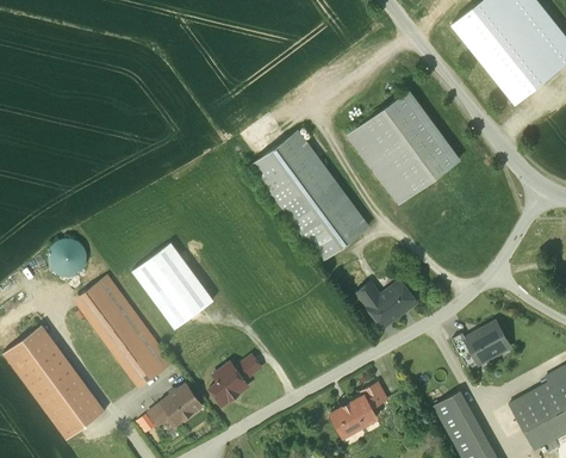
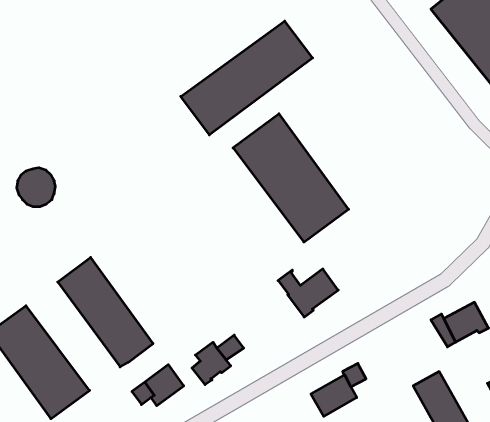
building: none -> [181,21,313,135]
building: [348,91,460,205] -> none
building: [48,239,87,278] -> [17,168,55,207]
building: [132,243,214,329] -> none
building: [356,281,417,330] -> [278,269,338,317]

